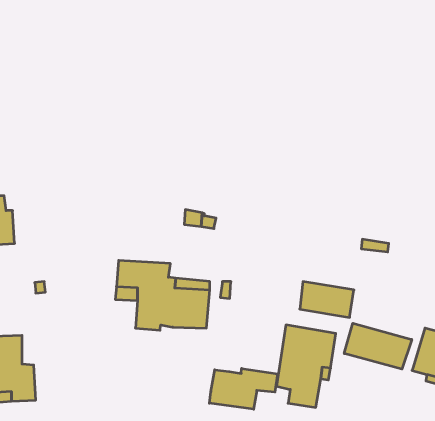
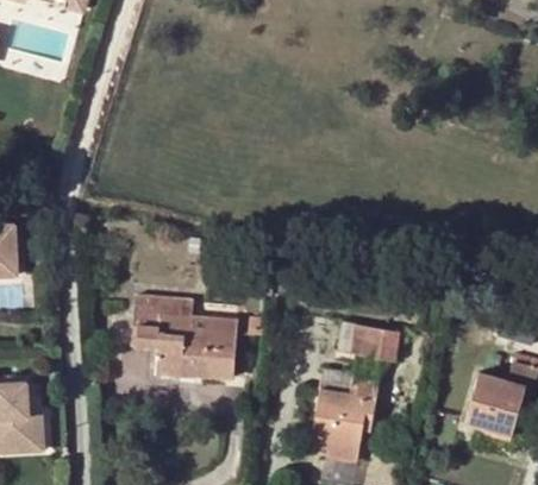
building: [344,323,412,369] -> none
building: [209,368,278,409] -> none

